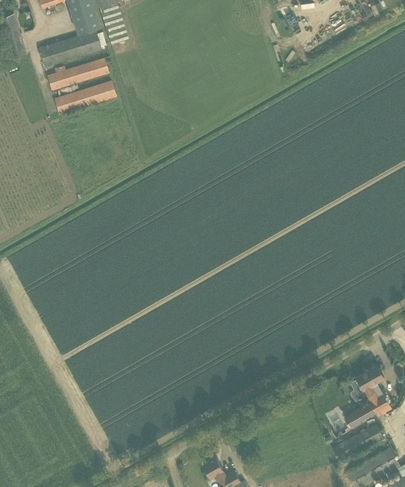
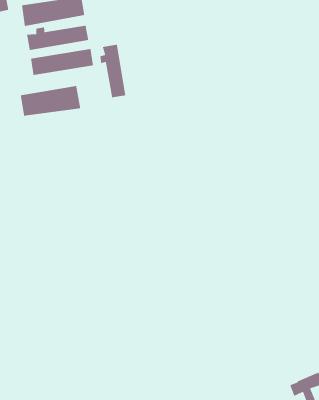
building: none -> [99,44,126,98]
building: none -> [20,85,81,117]

